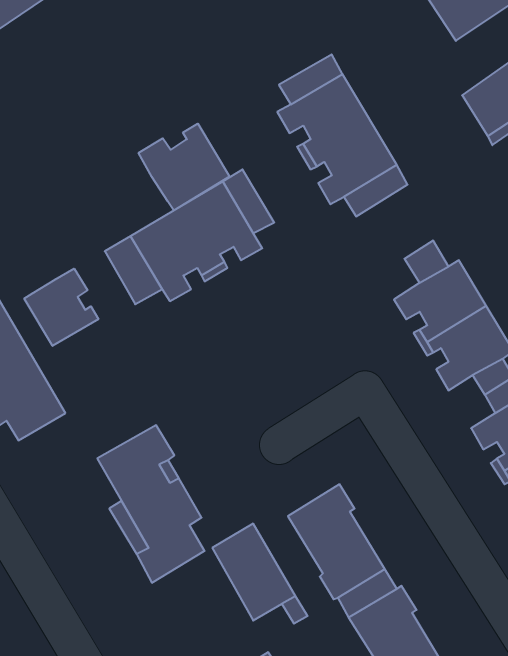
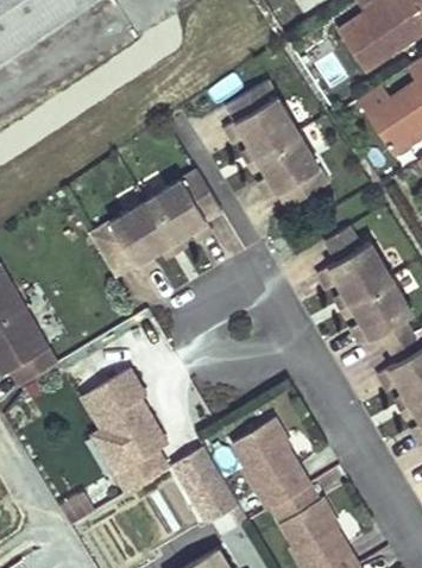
building: [139,124,230,210] -> none
building: [24,269,98,346] -> none

